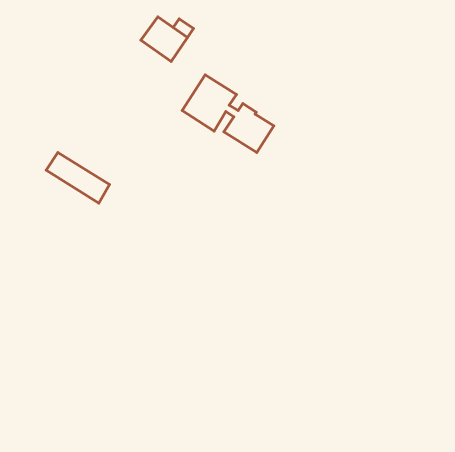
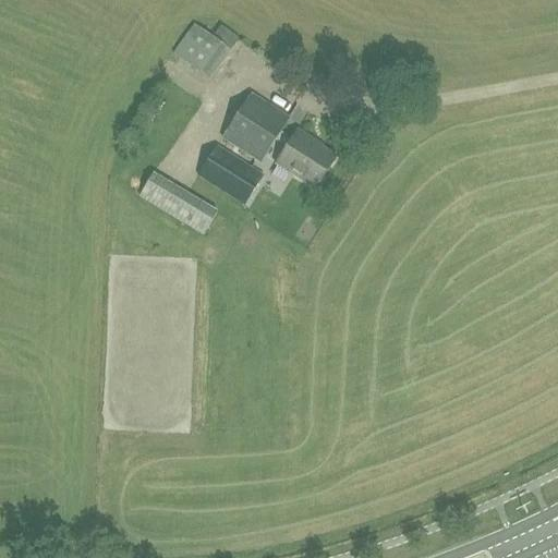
building: none -> [198,143,264,202]
building: [46,152,110,203] -> [138,171,216,233]

